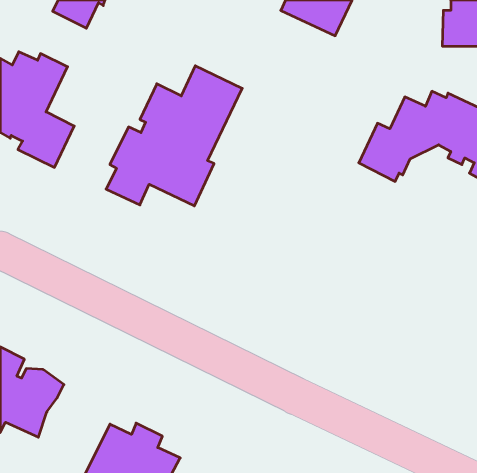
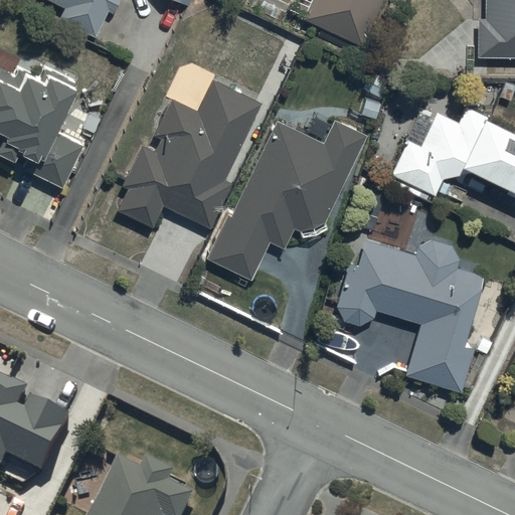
building: none -> [206,119,367,280]
building: none -> [337,239,483,391]

